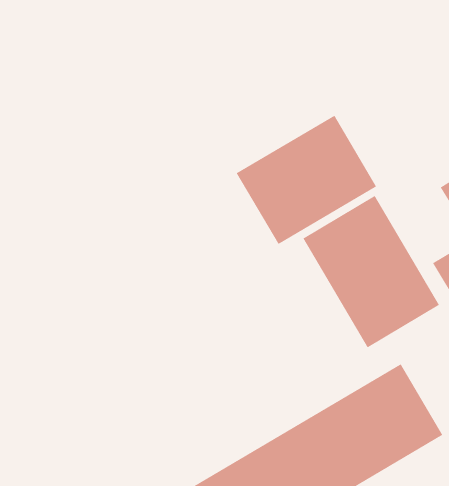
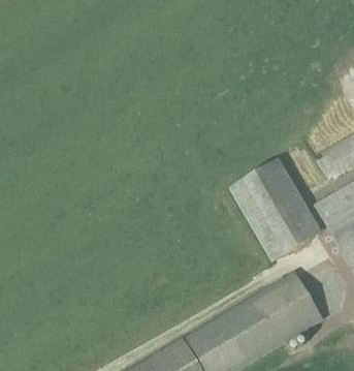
building: [236,115,377,245] -> none

